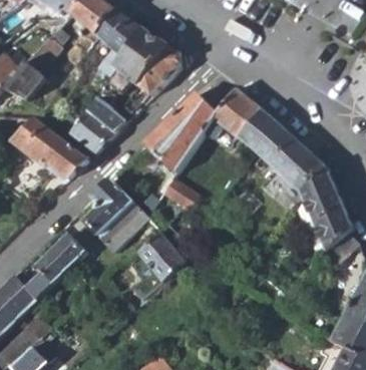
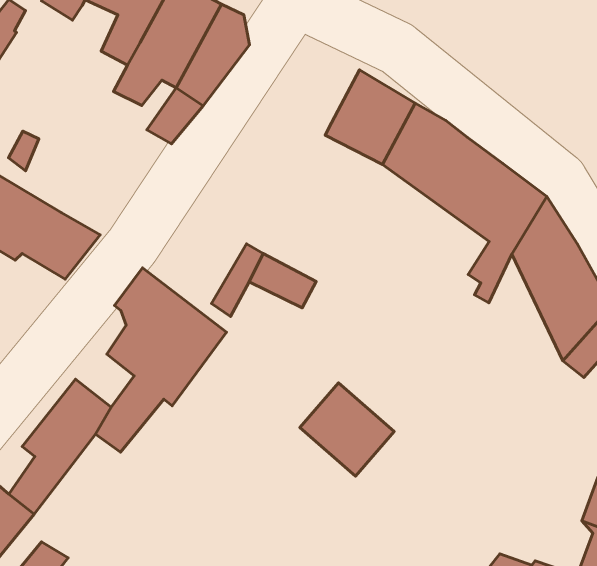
building: [71,88,126,152] -> none
building: [144,93,218,173] -> none
building: [138,230,188,280] -> [300,383,394,476]

